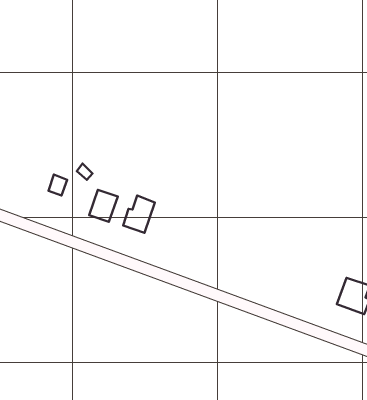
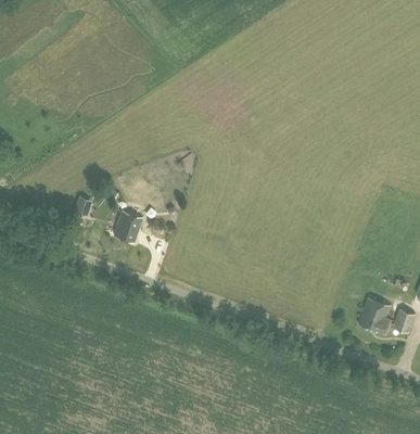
building: [123,196,155,233] -> none

